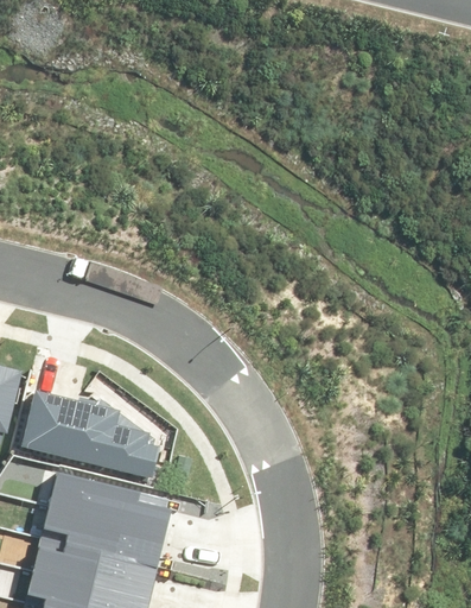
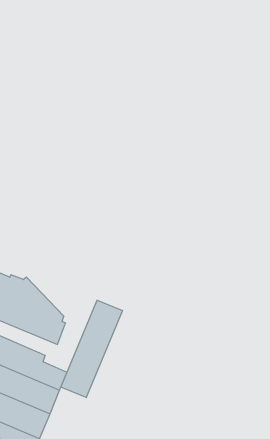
building: none -> [61,300,122,398]

